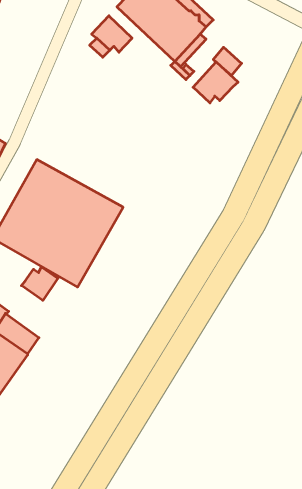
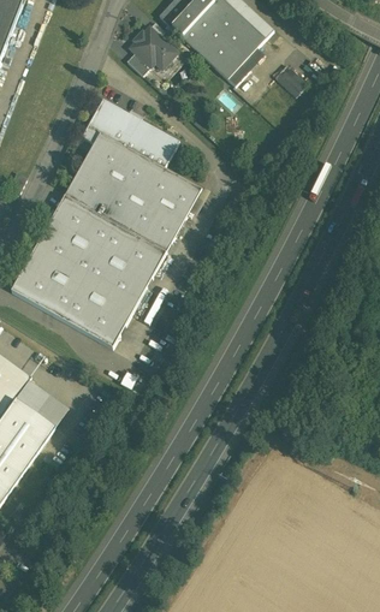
building: [193,62,238,103] -> none
building: none -> [64,97,201,252]
building: [21,267,58,300] -> none

